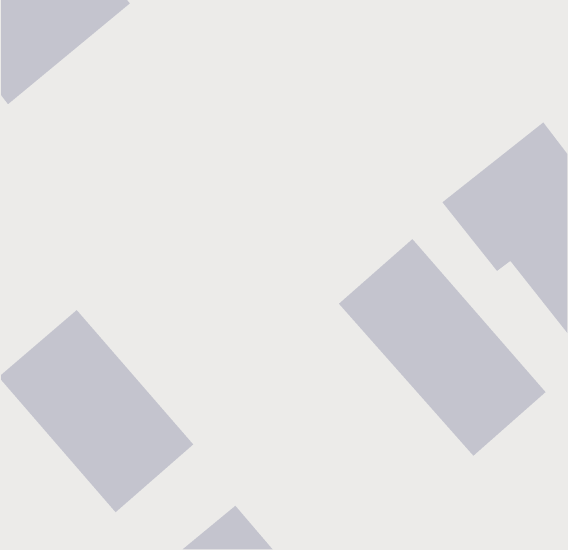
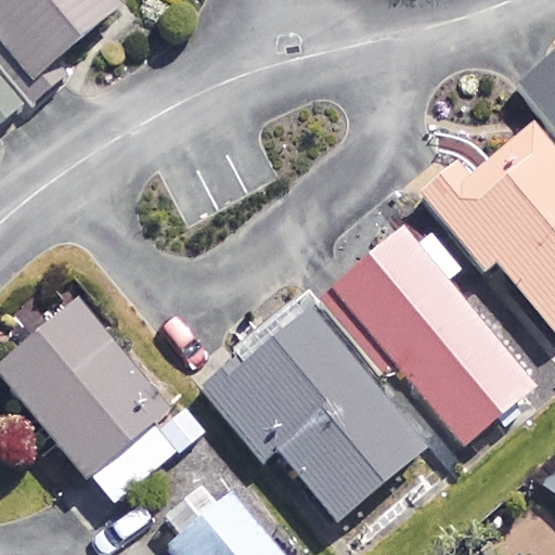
building: none -> [214,308,425,518]

